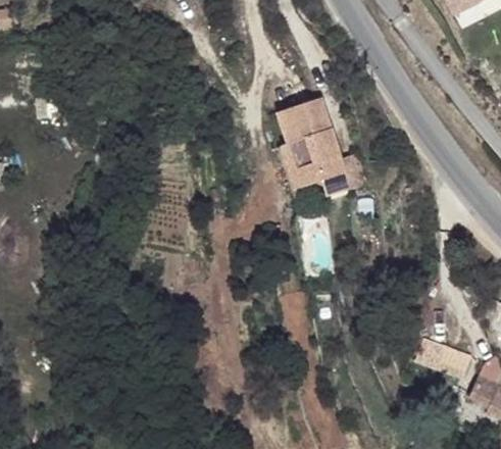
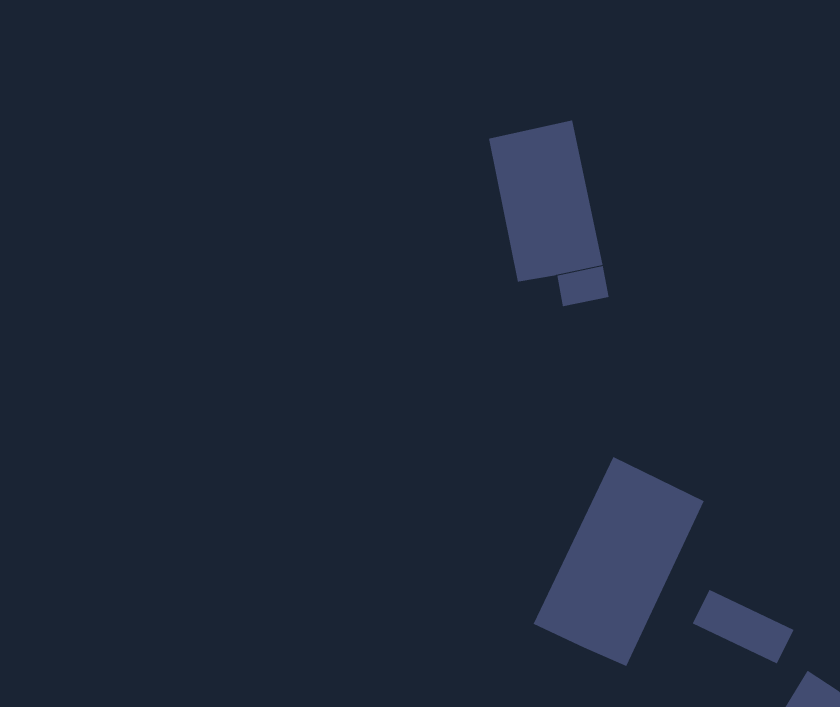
building: none -> [533,456,704,667]

